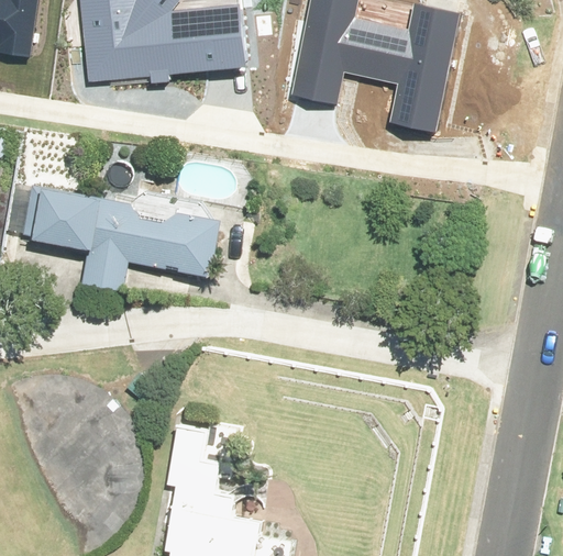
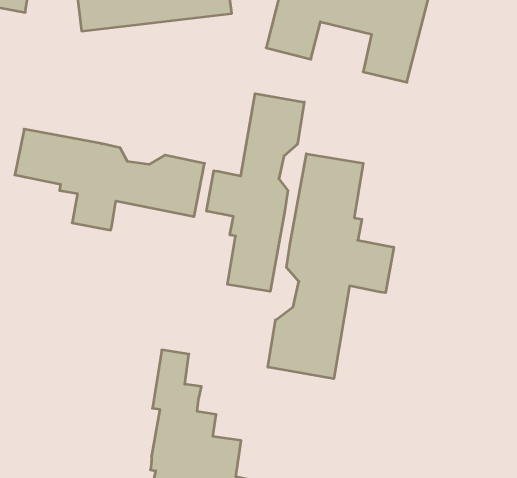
building: none -> [207,94,304,291]
building: none -> [268,154,394,379]

